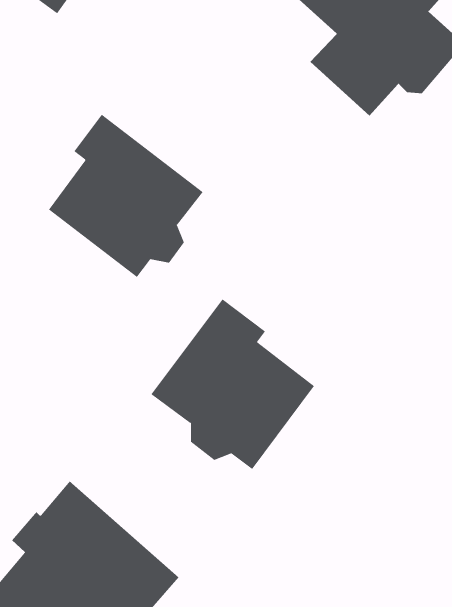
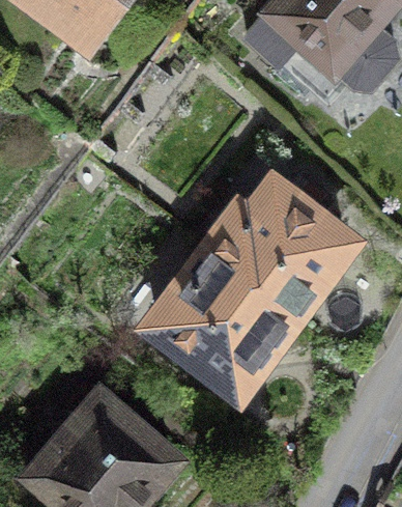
building: [48,114,204,278] -> none
building: none -> [213,182,345,312]

